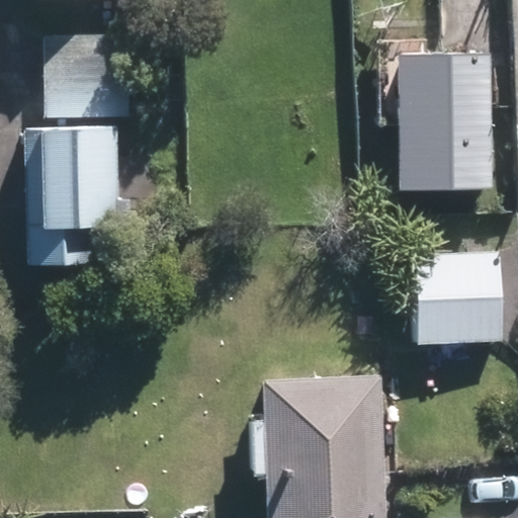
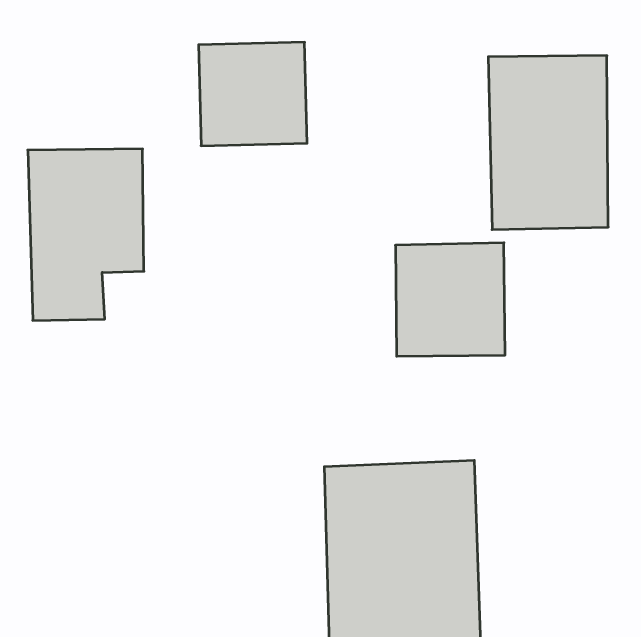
building: [47,36,134,119] -> [199,42,307,146]
building: [417,253,505,344] -> [395,243,505,356]

